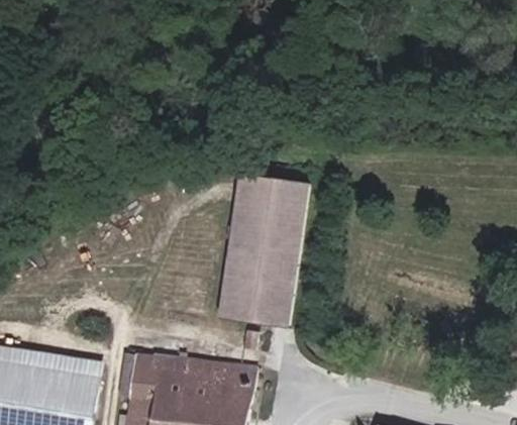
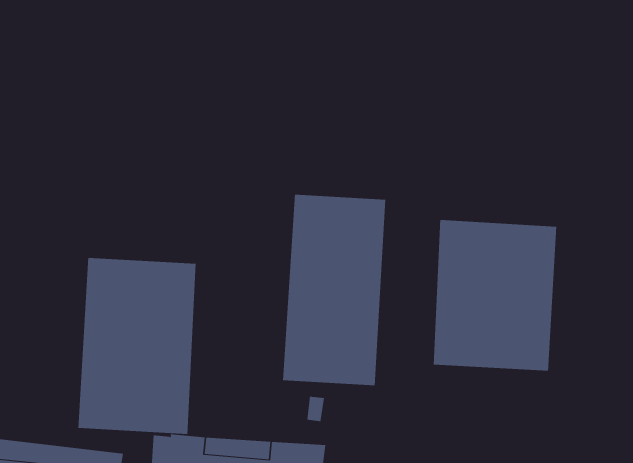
building: none -> [433,219,557,372]
building: none -> [78,257,196,435]

